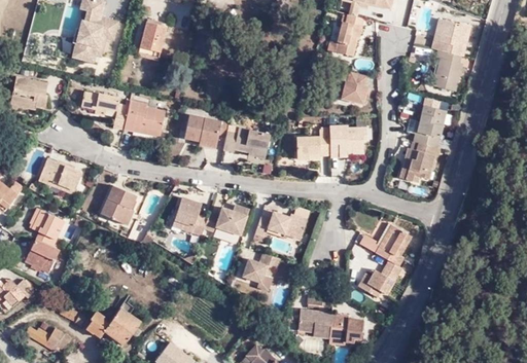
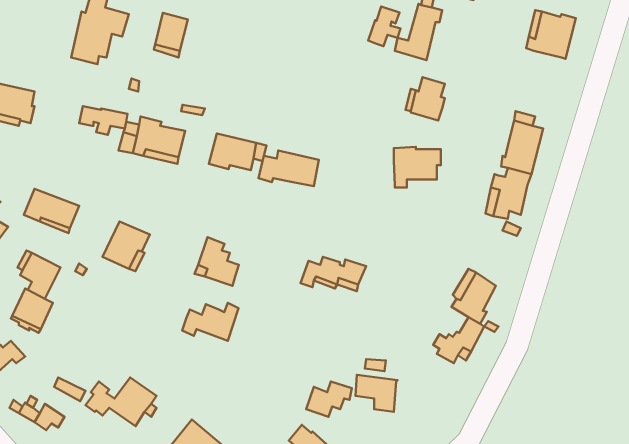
building: none -> [368,6,401,46]
building: [432,51,461,92] -> none
building: [293,138,328,160] -> none
building: [203,207,247,237] -> [182,303,238,341]
building: [242,254,278,282] -> [306,382,352,417]
building: [327,311,361,339] -> none

